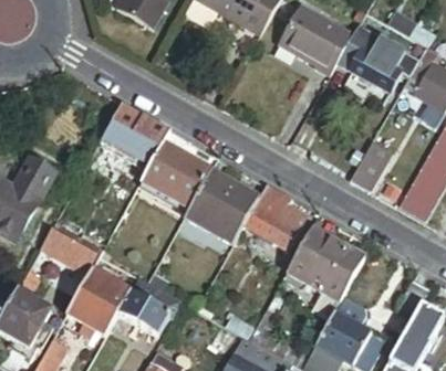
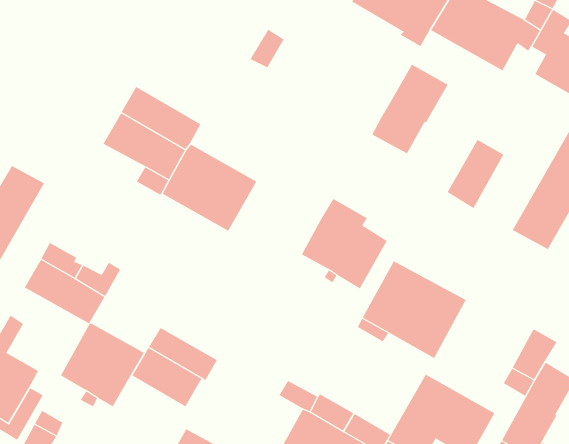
building: none -> [371,64,449,154]
building: [185,171,258,243] -> none

